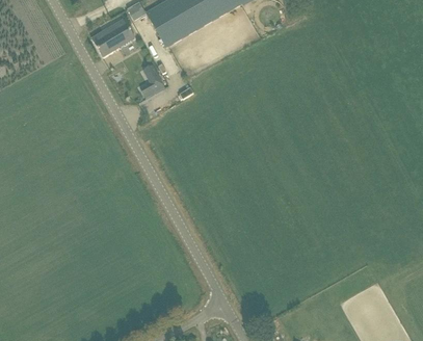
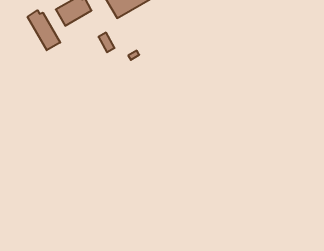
building: none -> [28,10,60,50]

